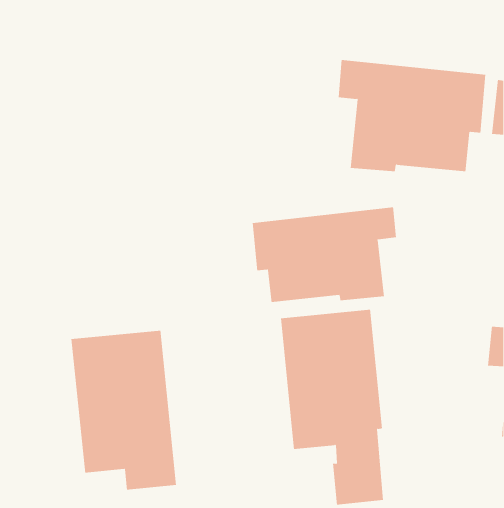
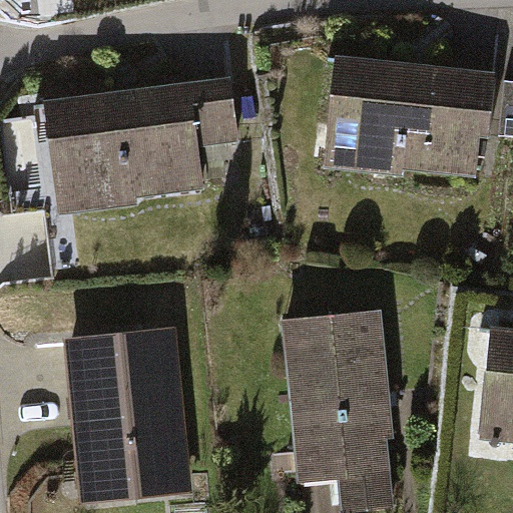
building: none -> [51,81,232,207]
building: [252,207,396,303] -> none

